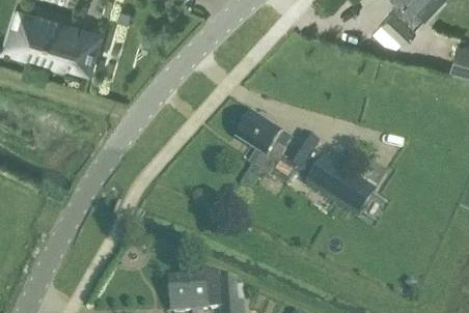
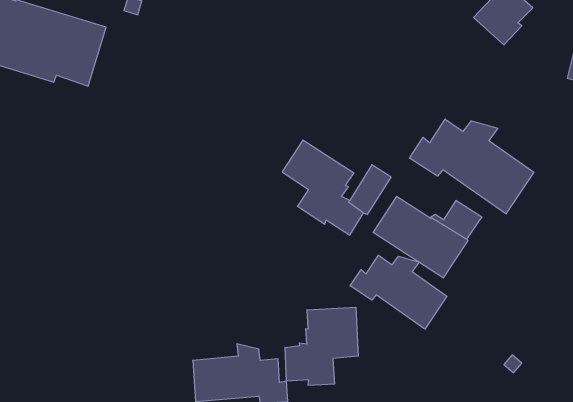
building: none -> [409,119,534,214]
building: none -> [350,255,447,329]
building: none -> [285,307,358,385]

